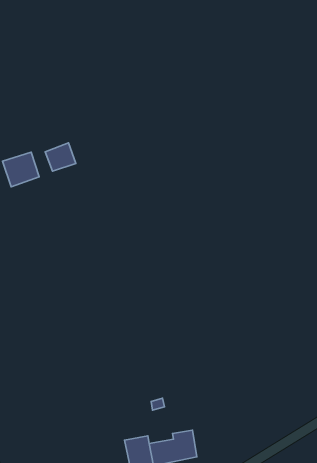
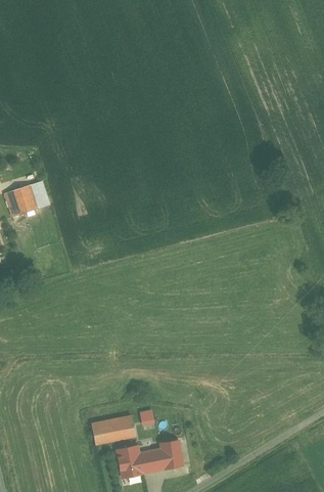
building: [45,143,76,171] -> none
building: none -> [90,408,135,444]

